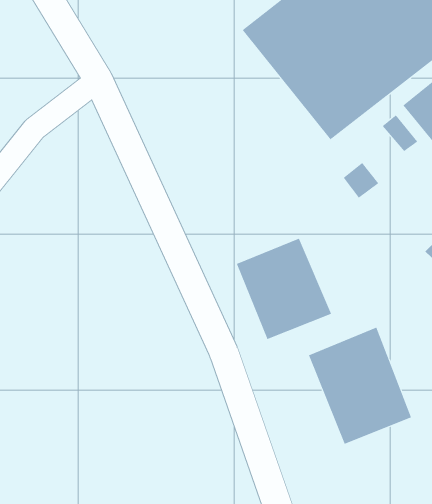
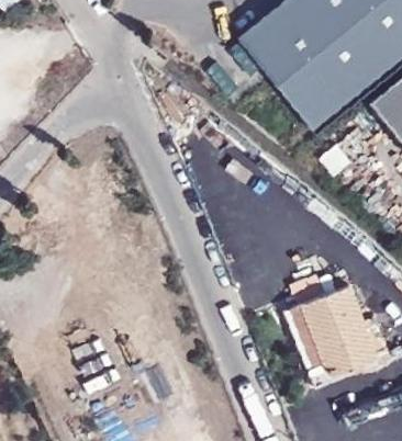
building: [236,238,332,340] -> none

